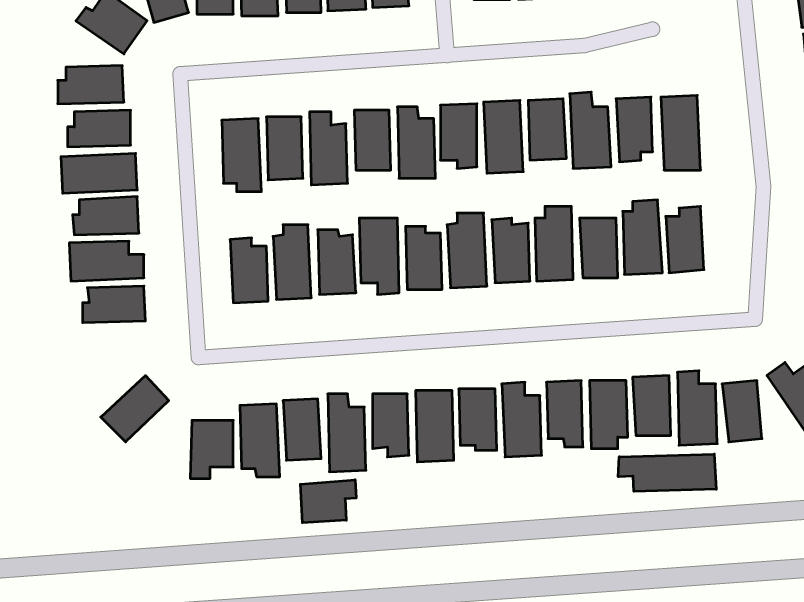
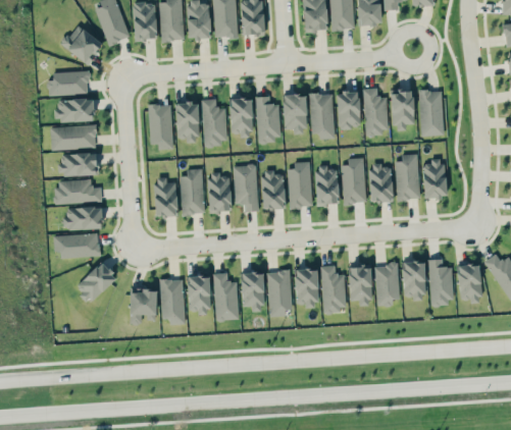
building: none -> [53,234,99,258]
building: [618,454,716,491] -> none
building: [300,480,356,523] -> none

